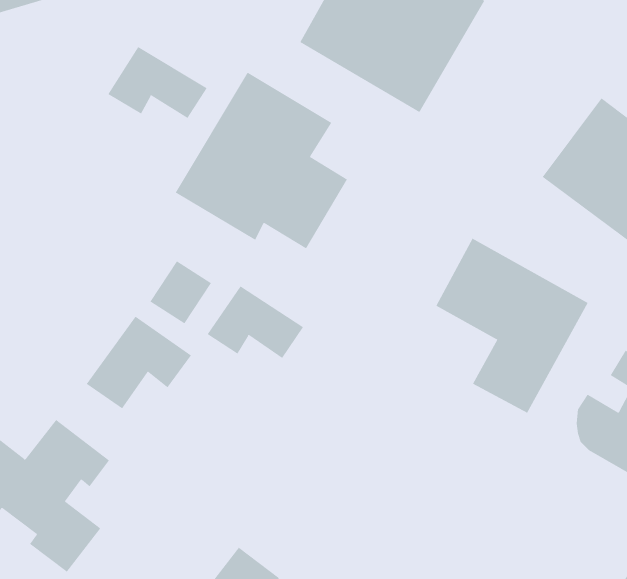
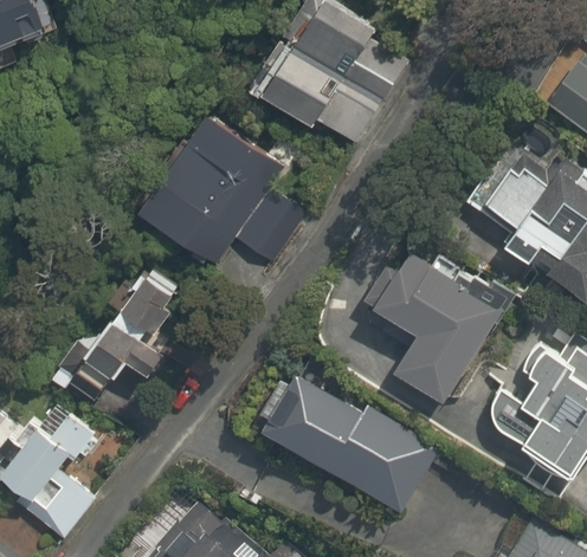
building: [108,46,207,119] -> none
building: [207,285,304,359] -> none
building: none -> [262,371,422,503]

